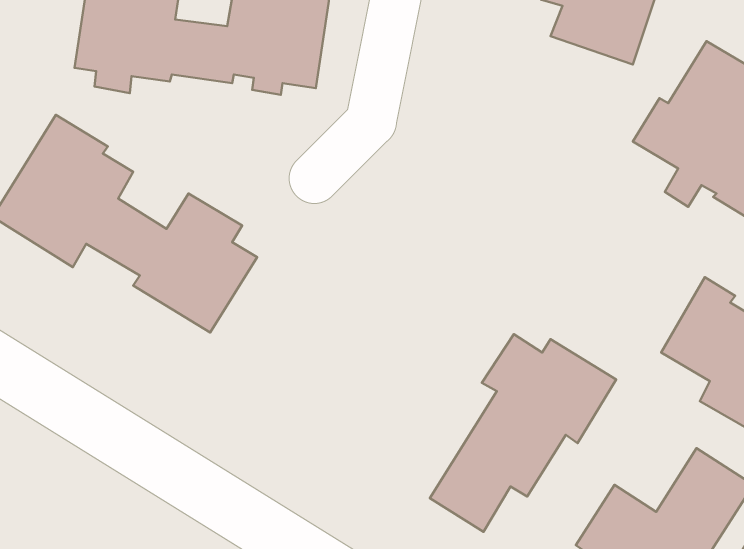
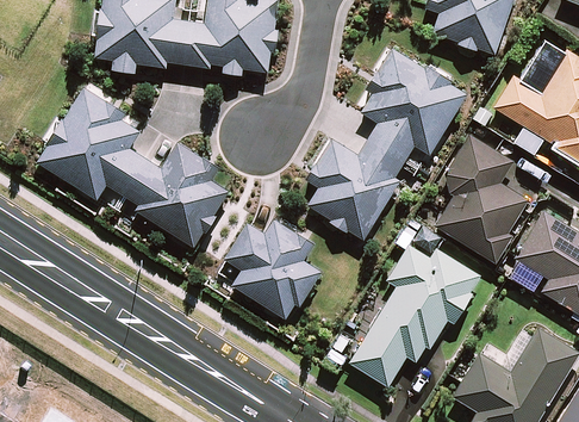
building: none -> [309,51,463,238]
building: none -> [436,136,531,260]
building: none -> [226,222,320,316]

